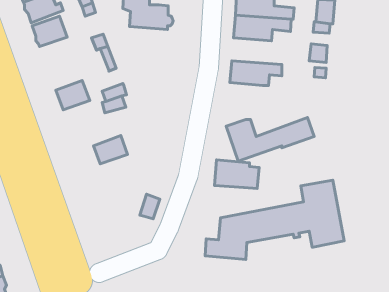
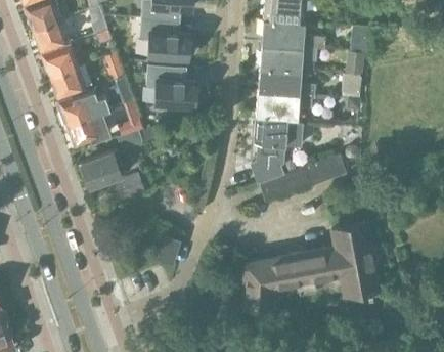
building: none -> [147,65,201,107]
building: none -> [50,68,87,98]
building: none -> [258,69,312,96]
building: none -> [59,90,109,125]
building: none -> [80,150,126,187]
building: [215,160,259,188] -> [254,117,302,147]

